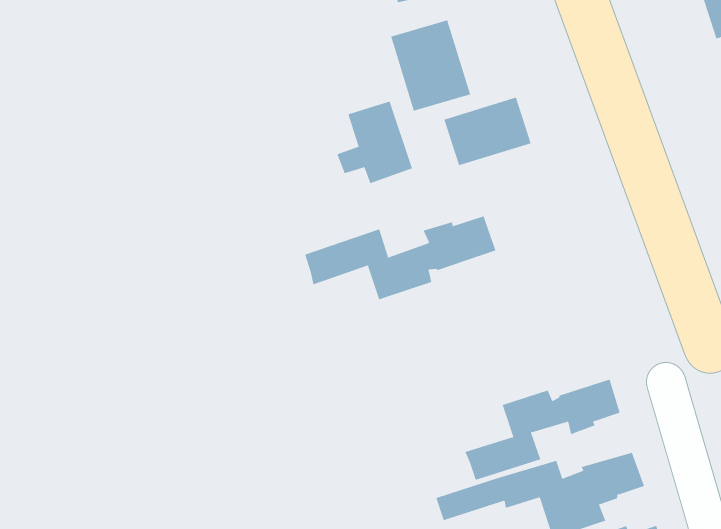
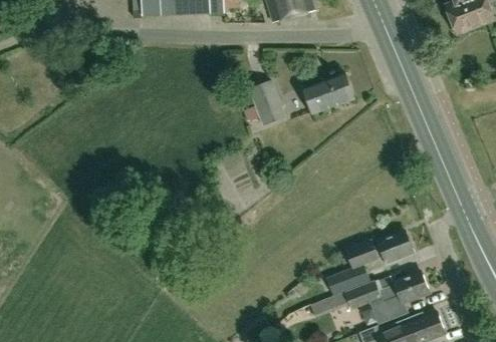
building: [390,19,471,112] -> none
building: [304,216,496,300] -> none

